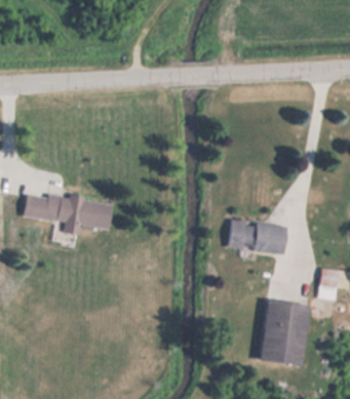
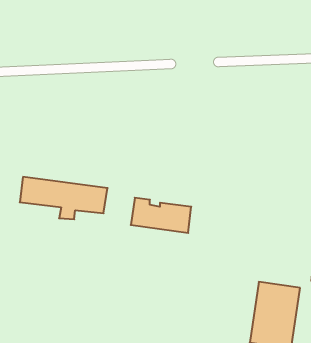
building: [227,217,288,253] -> [131,198,191,233]

